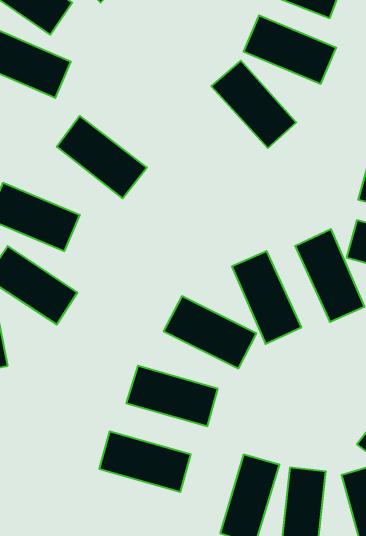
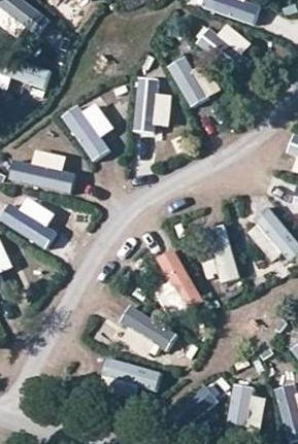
building: none -> [133,70,170,140]

